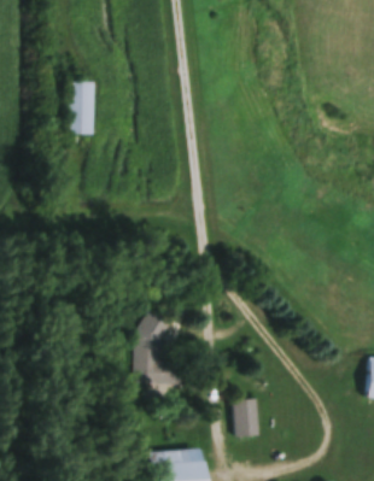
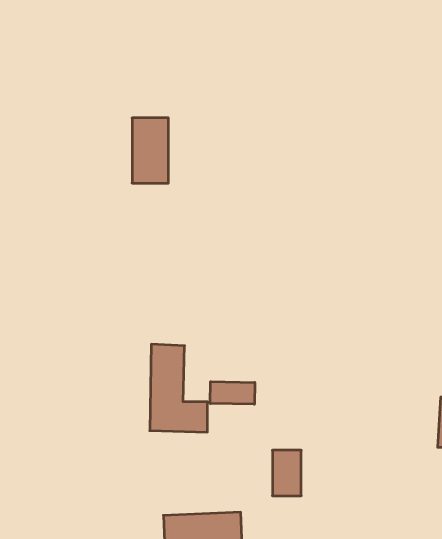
building: [65,83,94,135] -> [132,118,168,183]
building: none -> [210,382,255,404]

